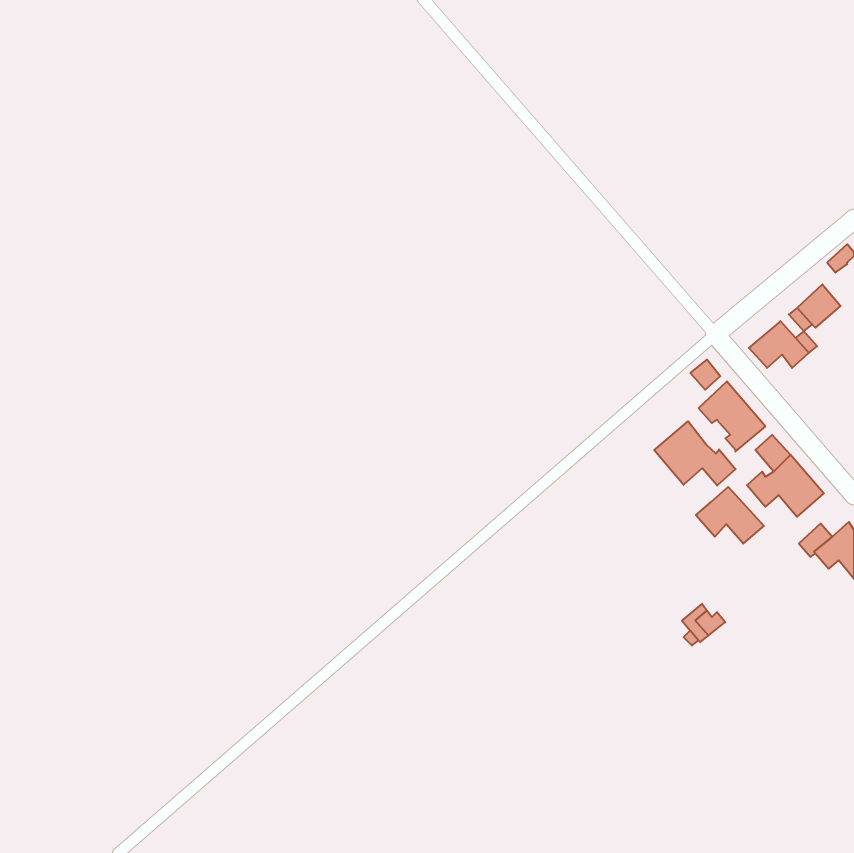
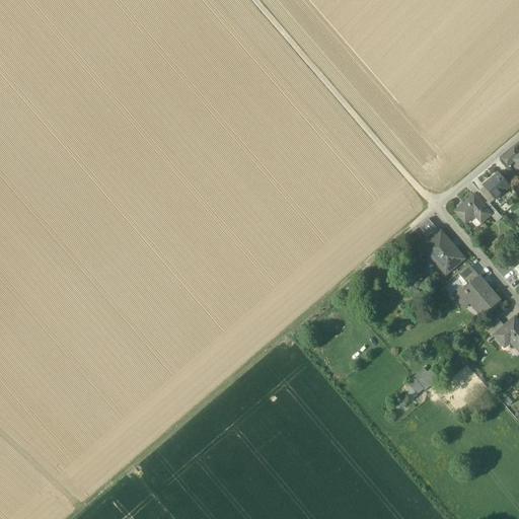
building: [654,421,736,486] -> none
building: [696,487,764,544] -> none

